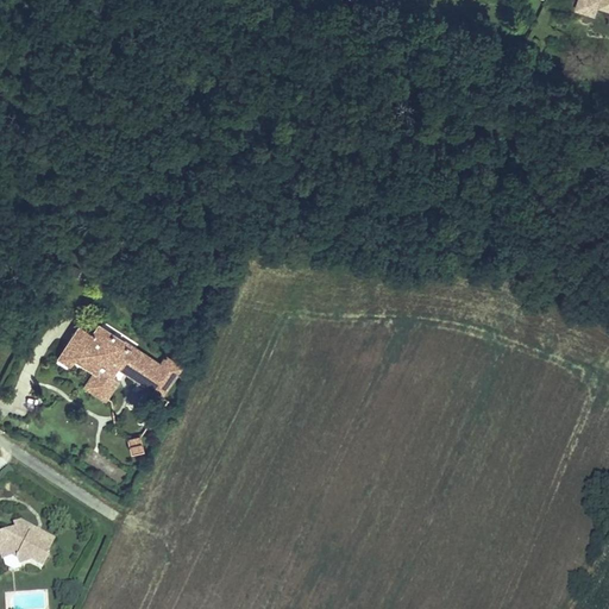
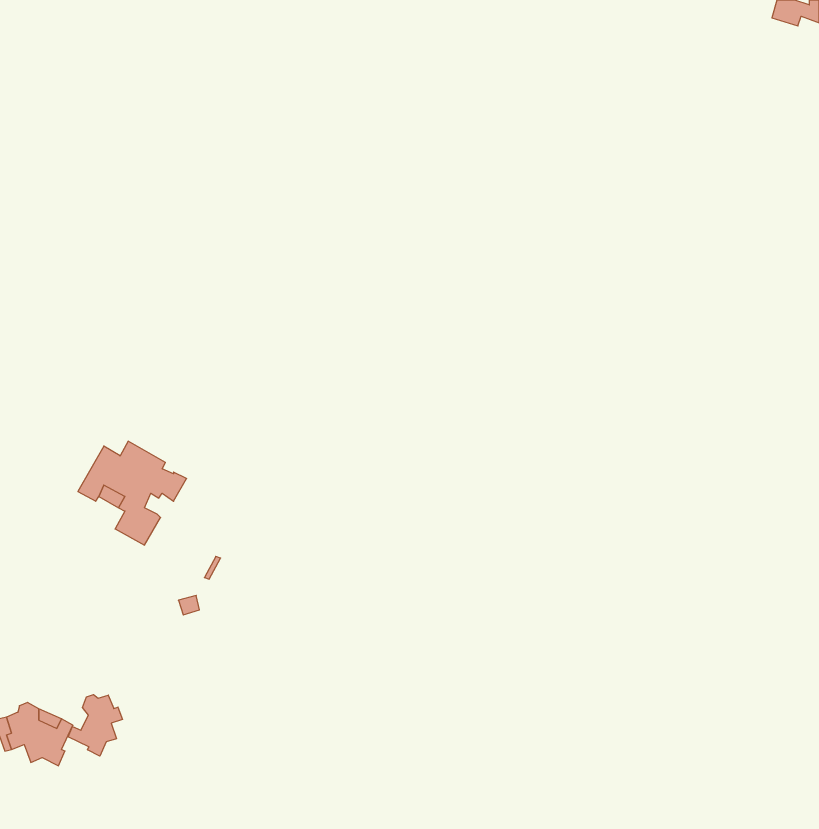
building: [106,351,177,394] -> none
building: none -> [68,695,122,756]

